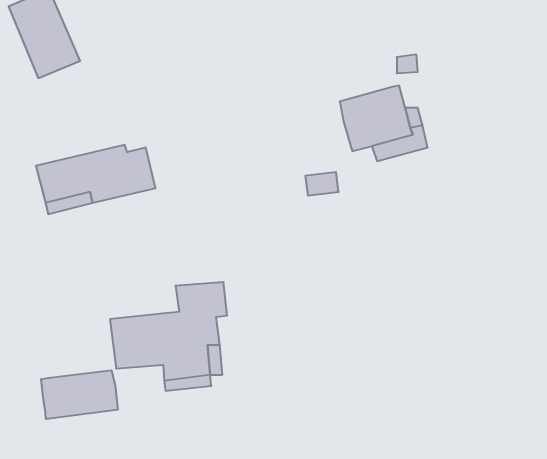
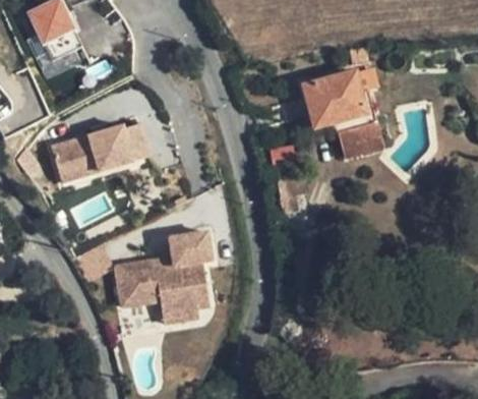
building: none -> [334,125,379,159]
building: [41,370,118,419] -> none

